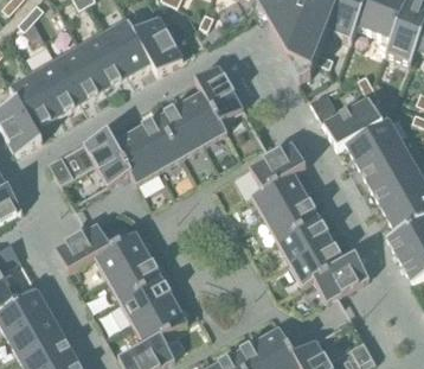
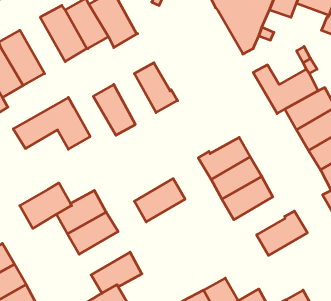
building: [54,39,104,101] -> none
building: [194,63,244,120] -> none
building: [158,101,204,157] -> none
building: [114,126,160,183] -> none
building: [249,140,306,189] -> none
building: [289,236,345,284] -> none
building: [120,274,175,322] -> [134,179,185,222]

